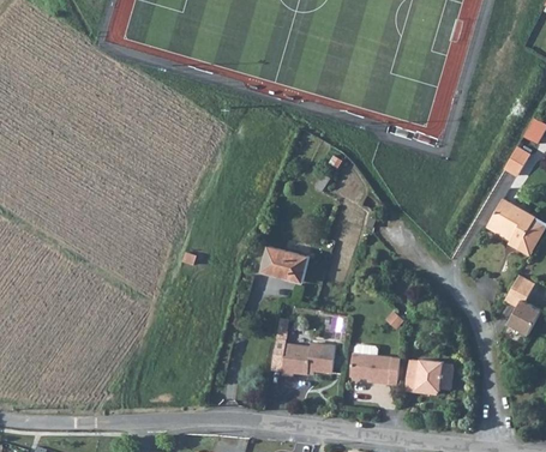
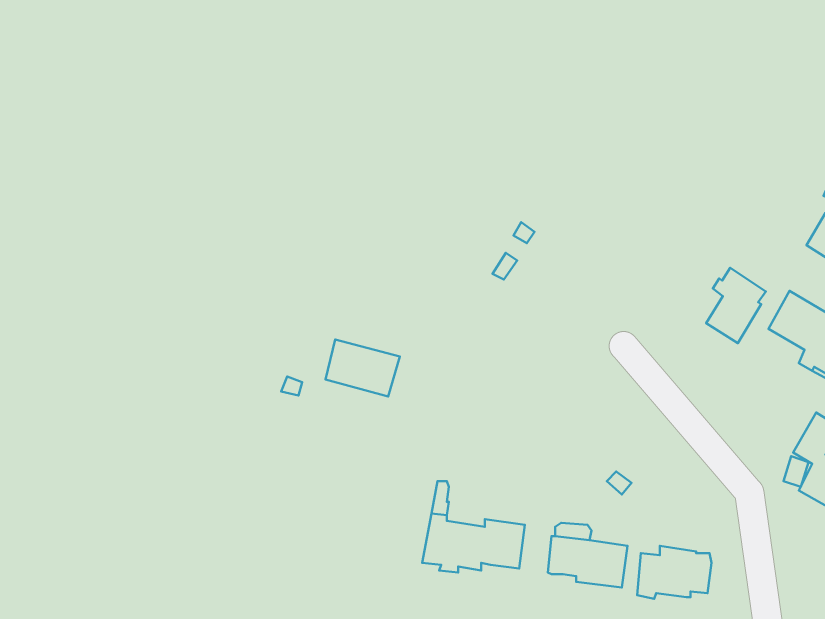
building: none -> [706,268,766,343]
building: [262,246,308,282] -> [326,339,400,396]

